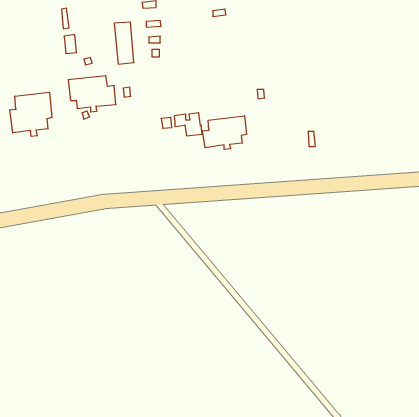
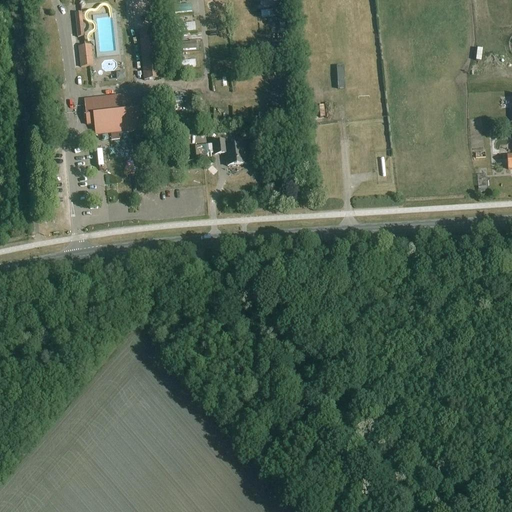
building: [10,92,52,136] -> none
building: [203,116,247,149] -> none

